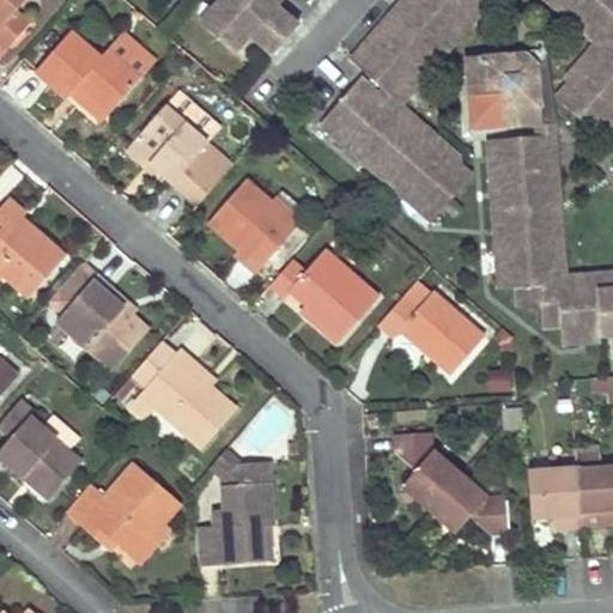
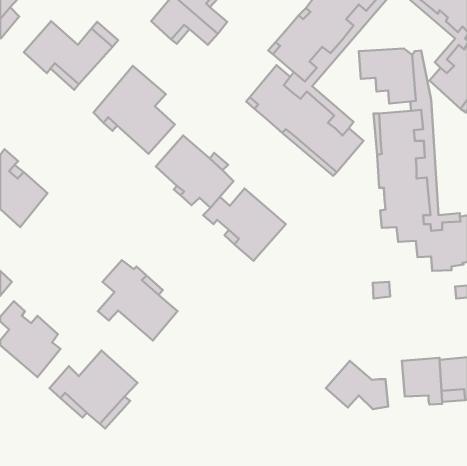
building: [55,275,146,368] -> none
building: [376,279,481,372] -> none
building: [393,430,459,508] -> none
building: [194,447,272,559] -> none

